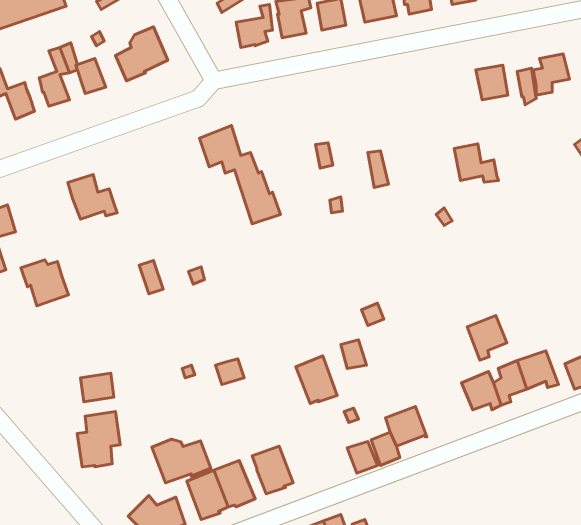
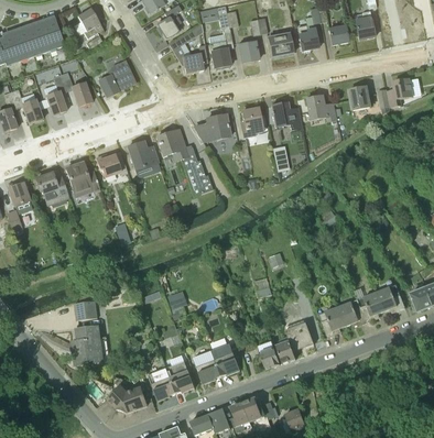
building: none -> [270,101,302,130]
building: none -> [241,108,262,138]
building: none -> [194,114,229,142]
building: [454,144,498,182] -> [305,95,336,121]
building: none -> [127,141,158,169]
building: none -> [96,150,128,177]
building: [21,260,69,306] -> [35,173,68,205]
building: [467,316,507,360] -> [318,306,346,337]
building: [296,356,337,403] -> [211,342,240,375]
building: [152,439,211,483] -> none

